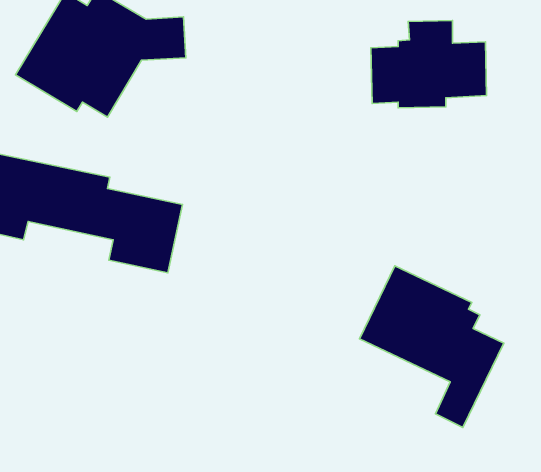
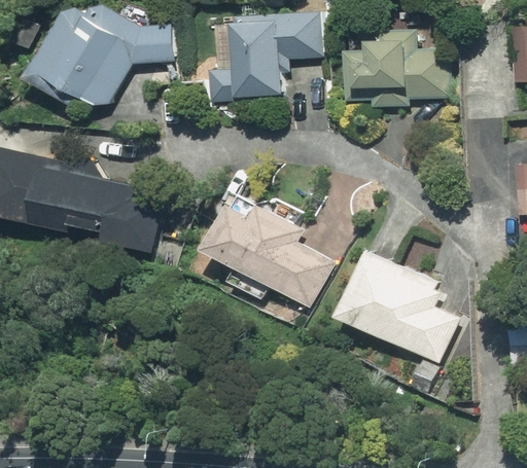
building: none -> [208,15,321,103]
building: none -> [207,201,335,309]

